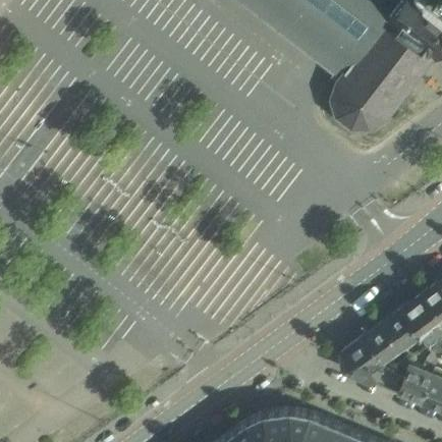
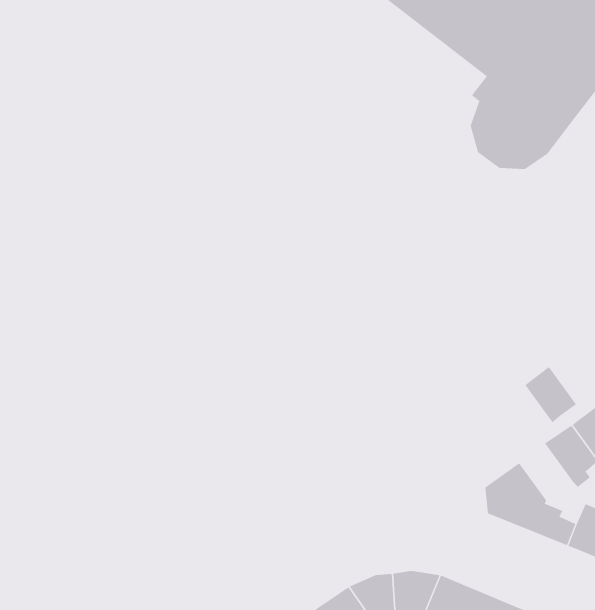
building: [366,322,402,362] -> [524,366,577,423]

